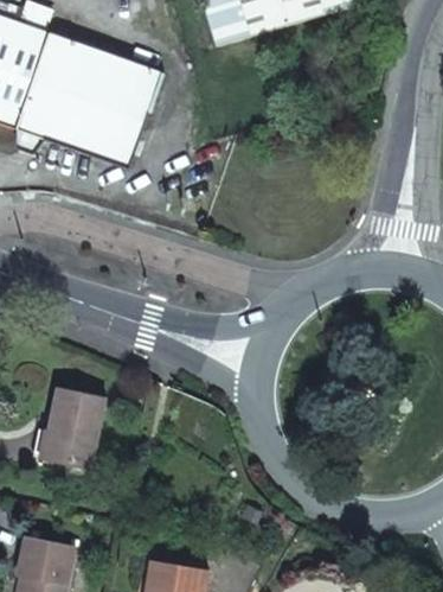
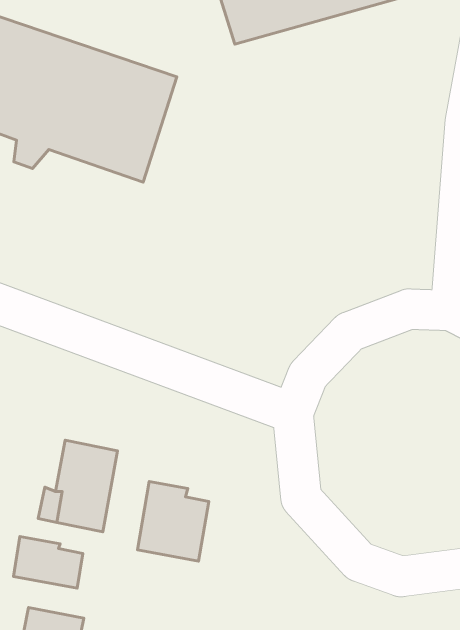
building: none -> [138,481,209,561]
building: none -> [13,536,83,588]

